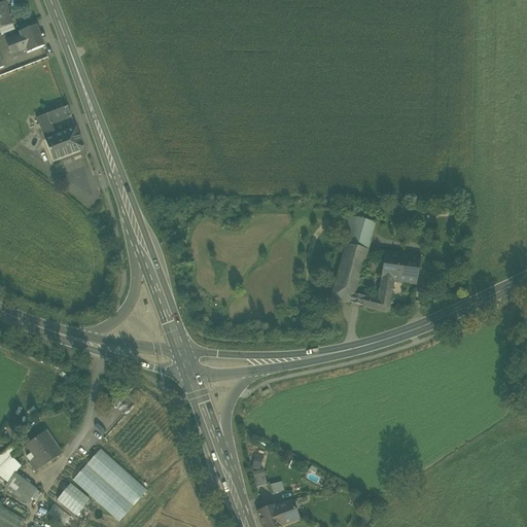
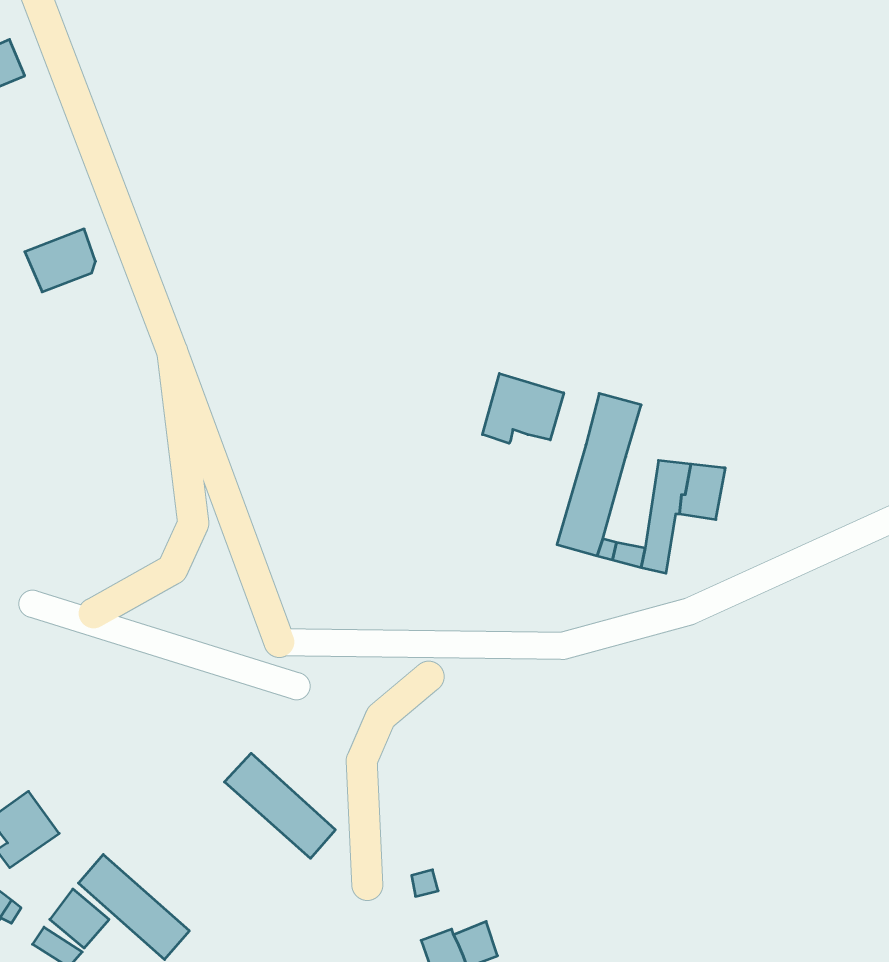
building: [35,105,71,135] -> none
building: none -> [482,373,564,443]
building: [85,448,145,504] -> [224,753,335,858]

